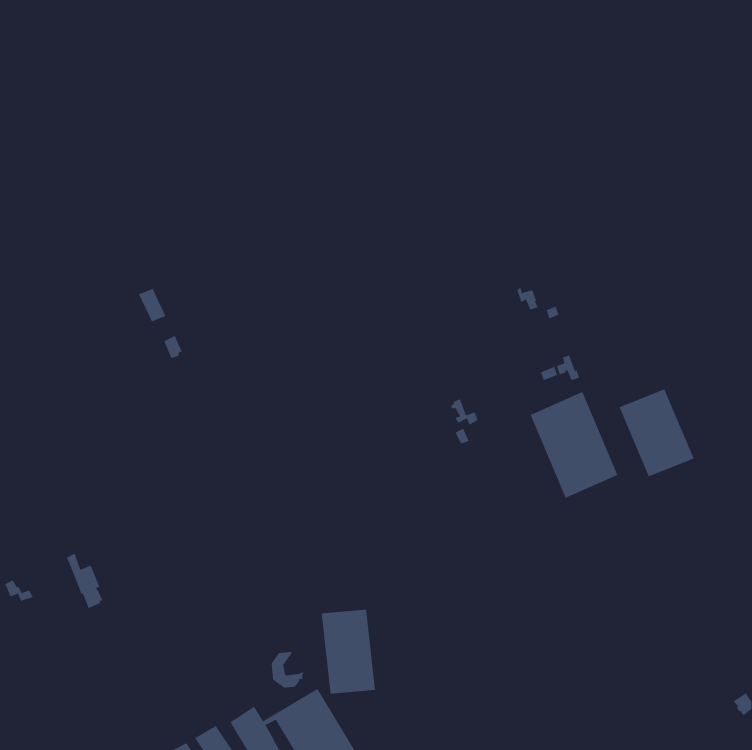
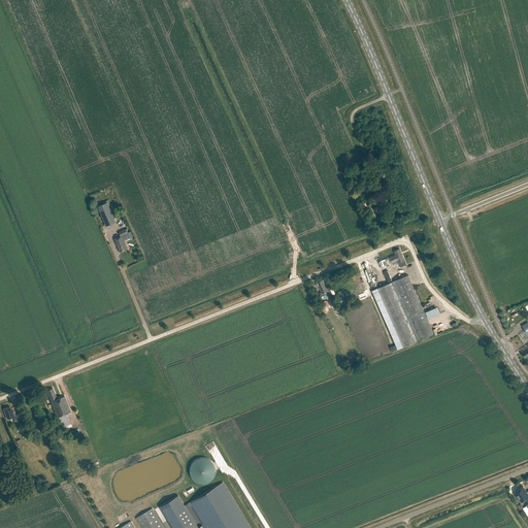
building: [619,388,694,477] -> none
building: [321,609,375,695] -> none

